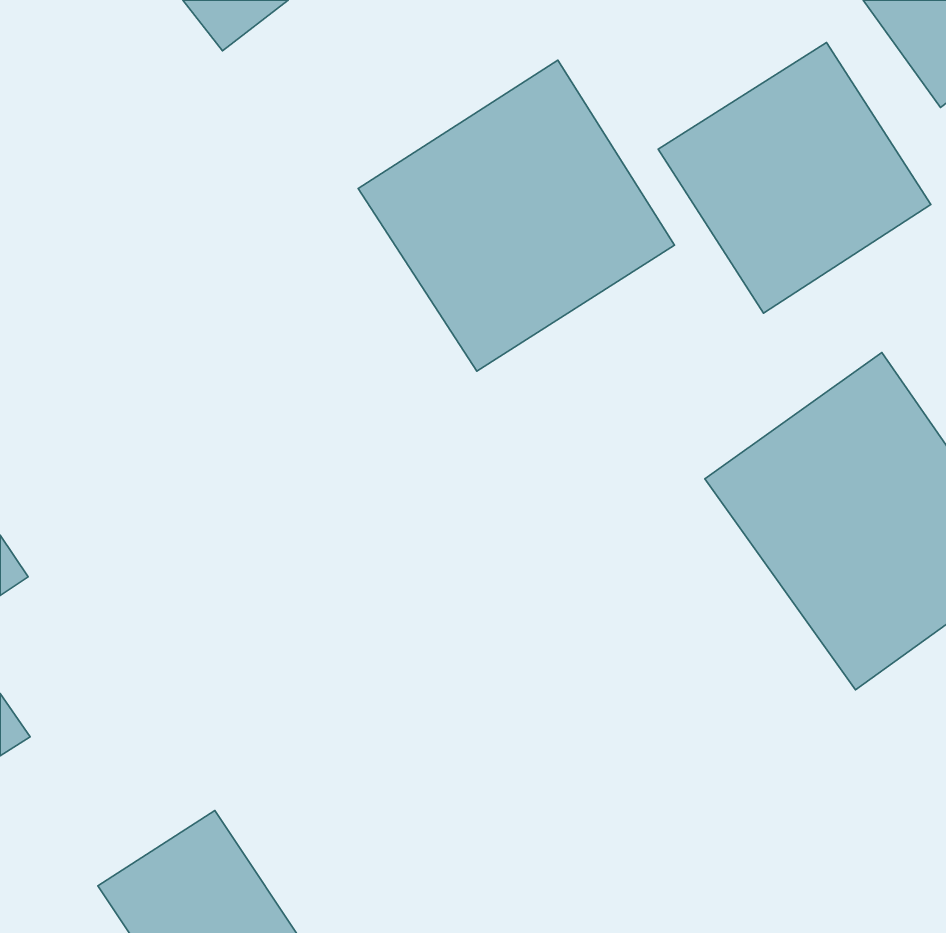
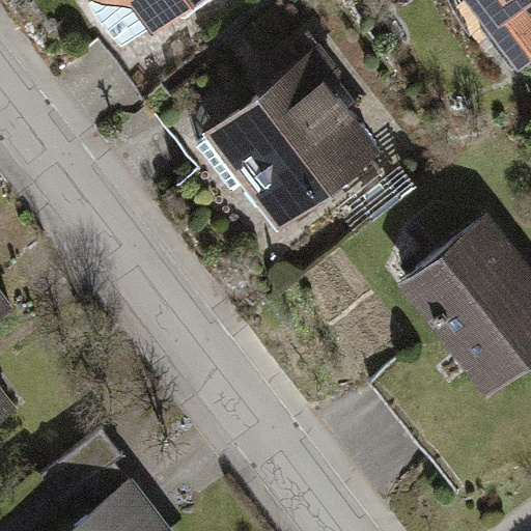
building: [658,42,931,313] -> none

